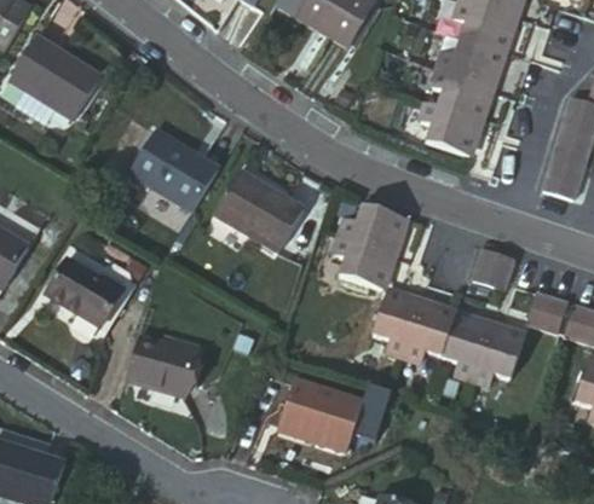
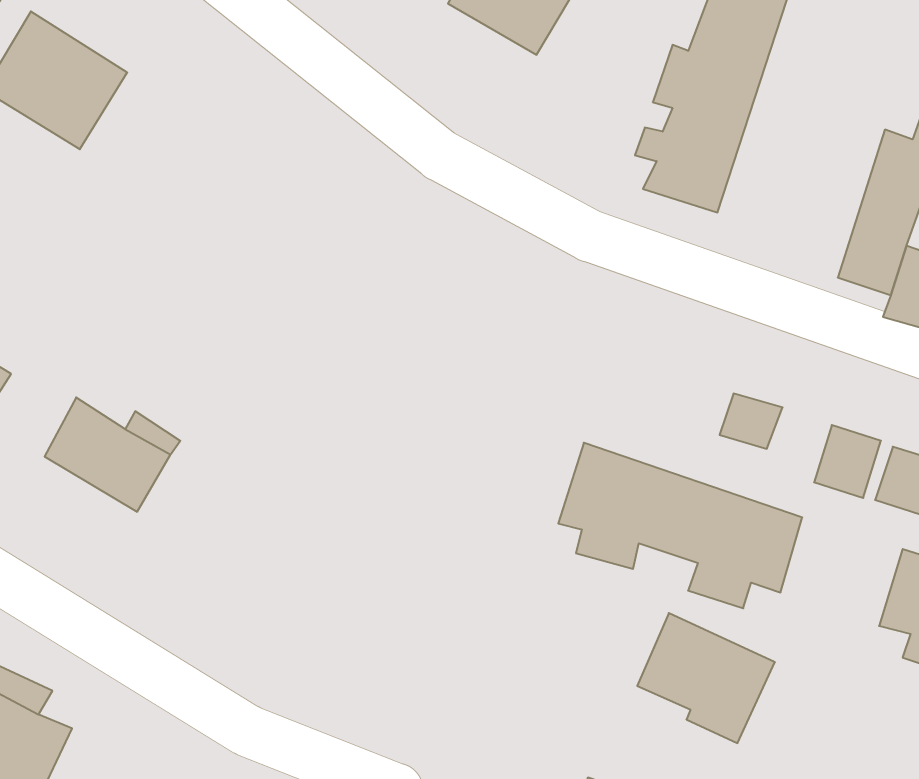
building: [129,126,221,209] -> none
building: [218,164,312,251] -> none
building: [327,197,402,288] -> none
building: [127,332,197,398] -> none
building: [284,384,369,464] -> [637,613,775,743]

